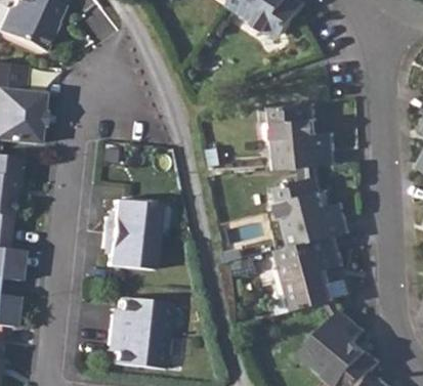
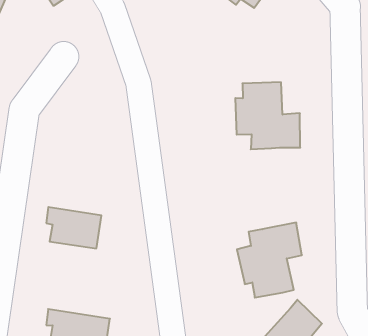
building: [279,176,349,244] -> none
building: [99,201,154,239] -> none
building: [104,298,167,337] -> none

